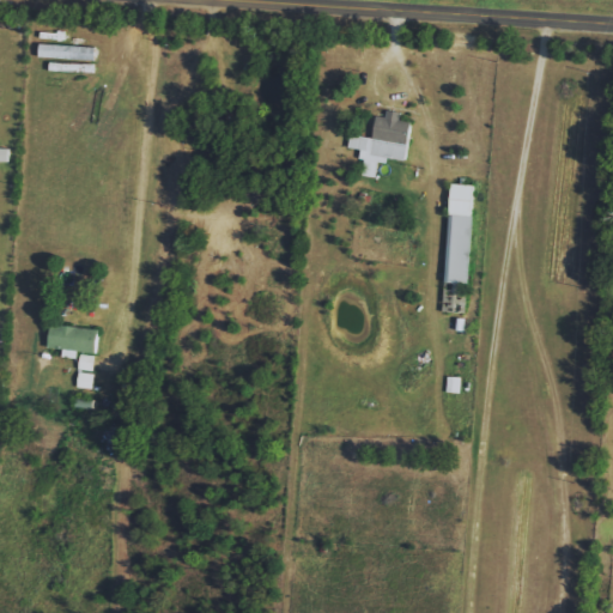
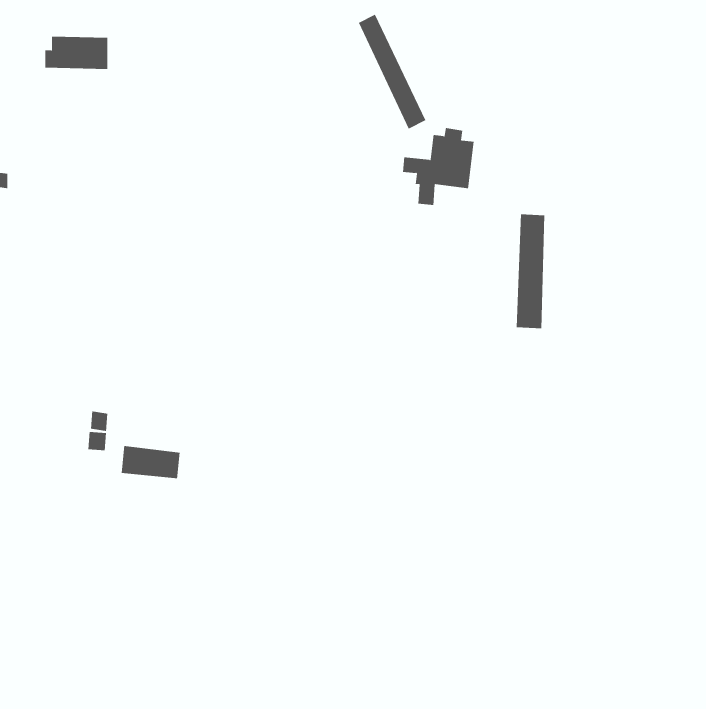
building: none -> [358,14,426,130]
building: [47,324,98,353] -> [121,445,181,479]

